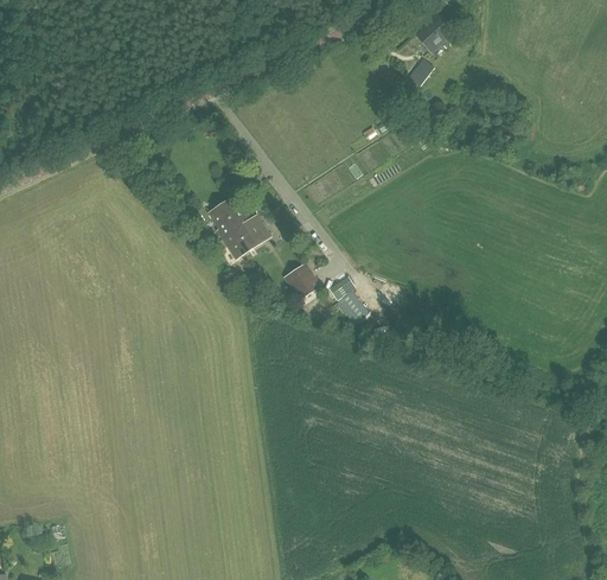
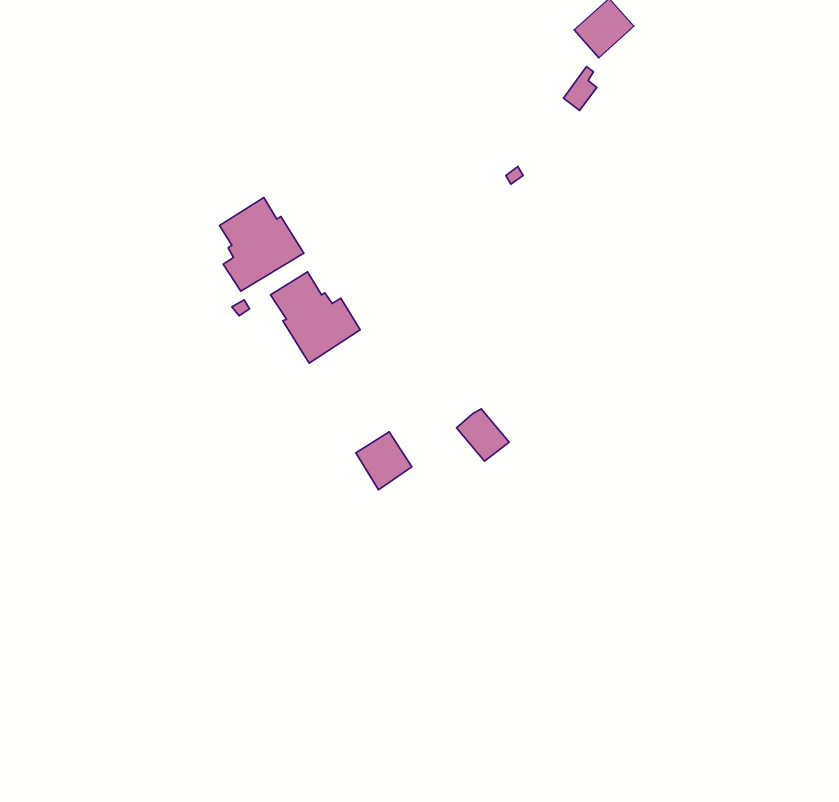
building: none -> [219,197,304,291]
building: [282,262,320,301] -> [356,432,412,490]

